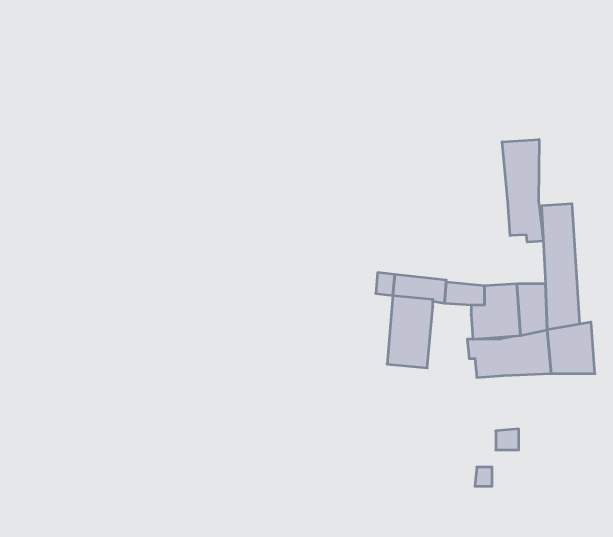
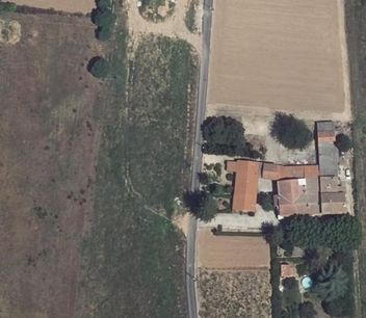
building: [502,139,543,242] -> none

